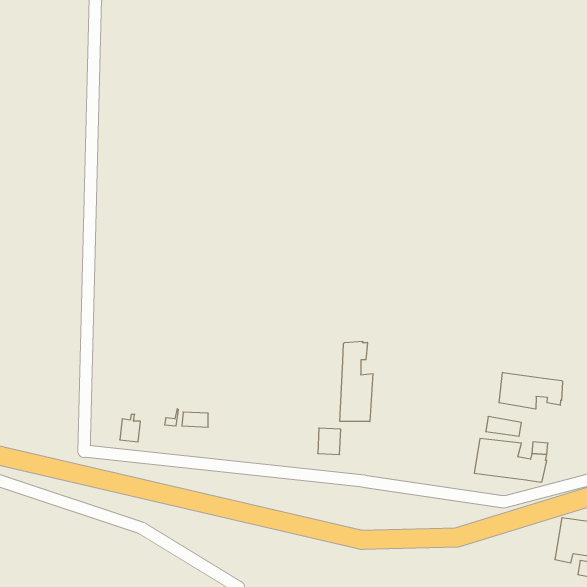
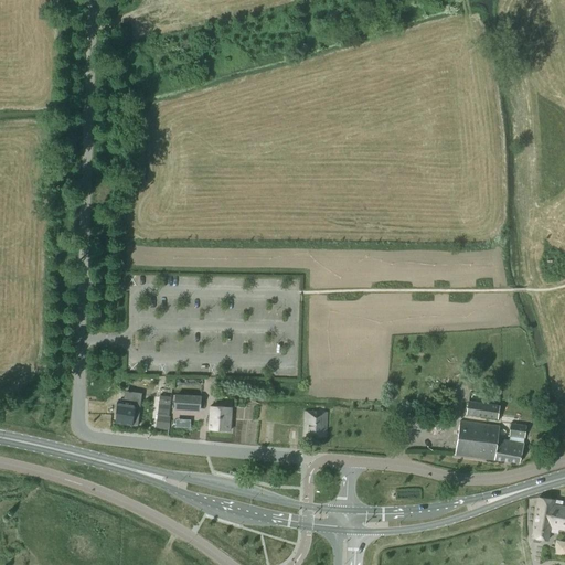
building: [340,341,373,422] -> none
building: [499,372,563,409] -> none
building: none -> [207,406,232,430]

